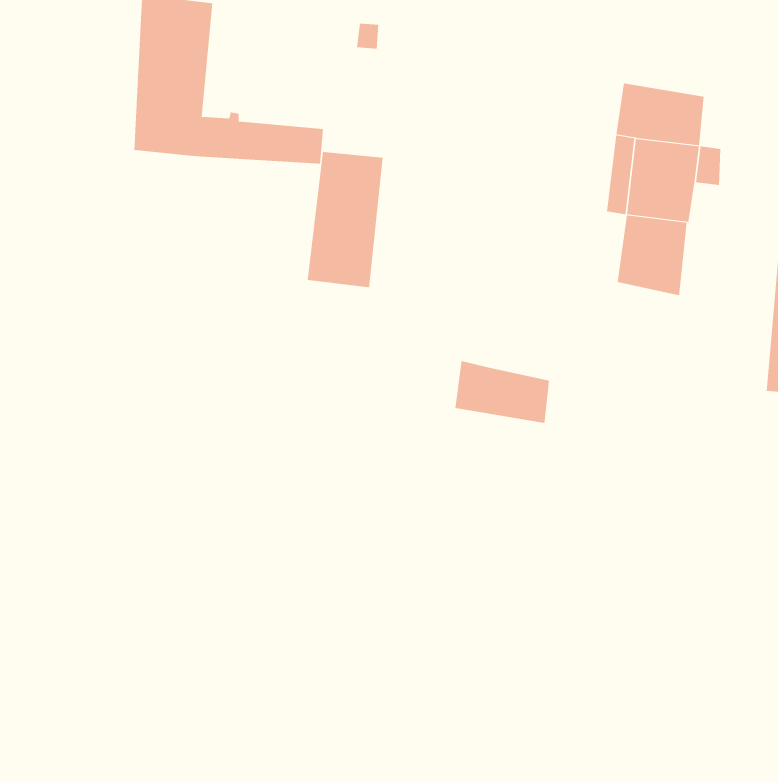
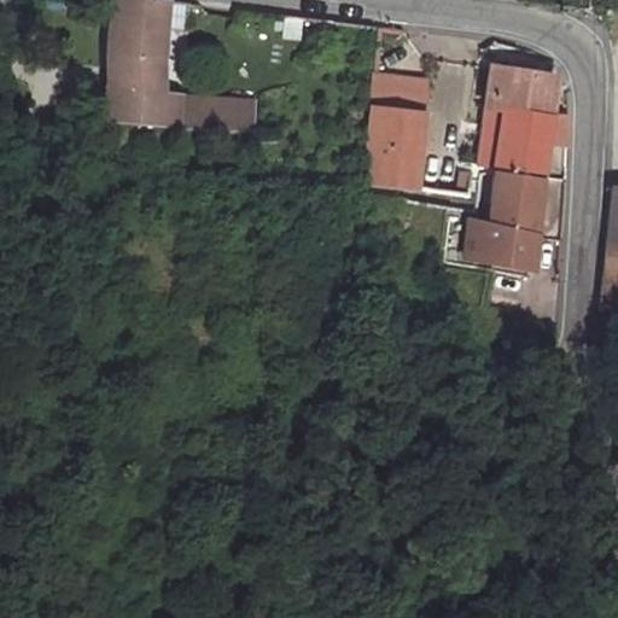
building: [307,151,384,288] -> [366,77,426,185]
building: [455,361,550,424] -> [465,217,540,267]

